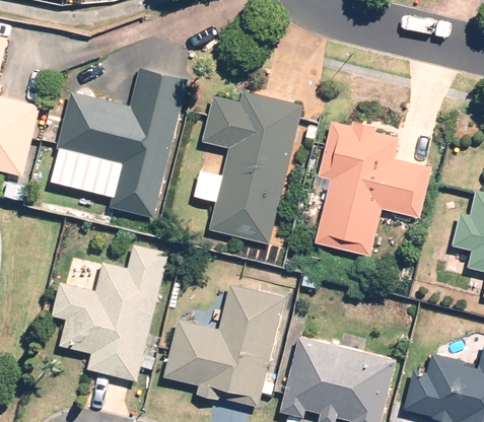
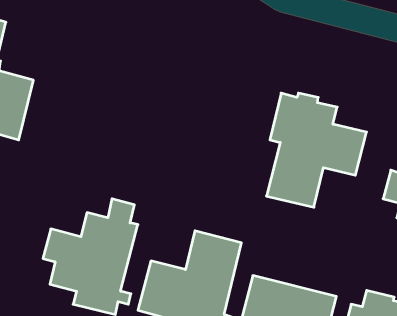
building: [55,68,187,218] -> none
building: [194,91,303,244] -> none

